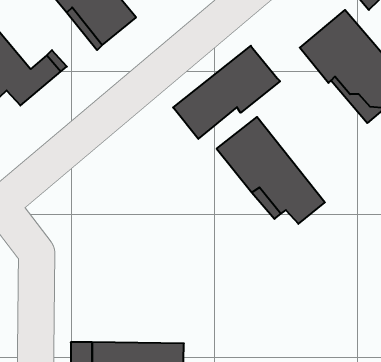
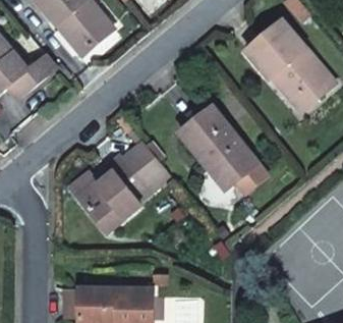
building: [173,46,280,139] -> none
building: none -> [76,145,166,236]

